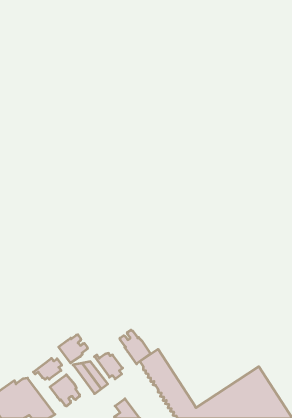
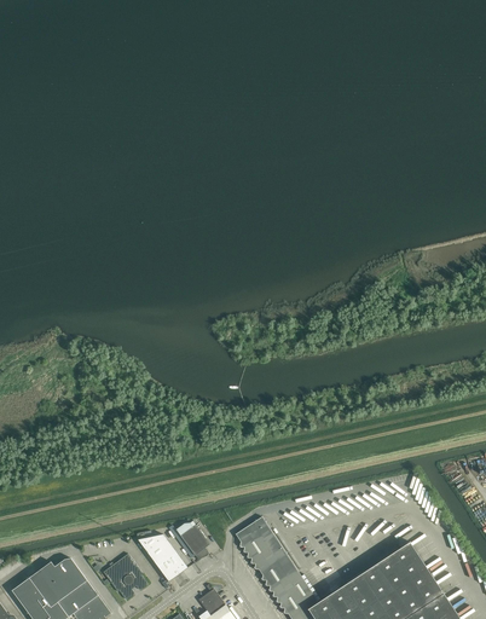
building: [120,330,150,364] -> none
building: [59,335,87,363] -> none
building: [33,358,62,379] -> none

